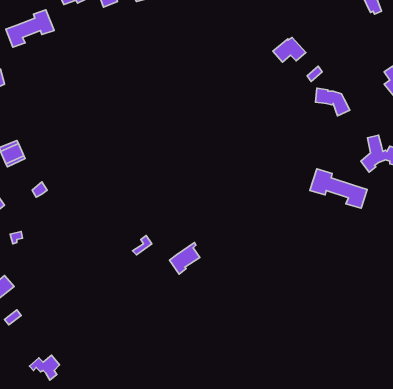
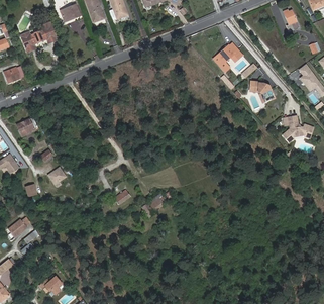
building: [310,169,367,208] -> none

